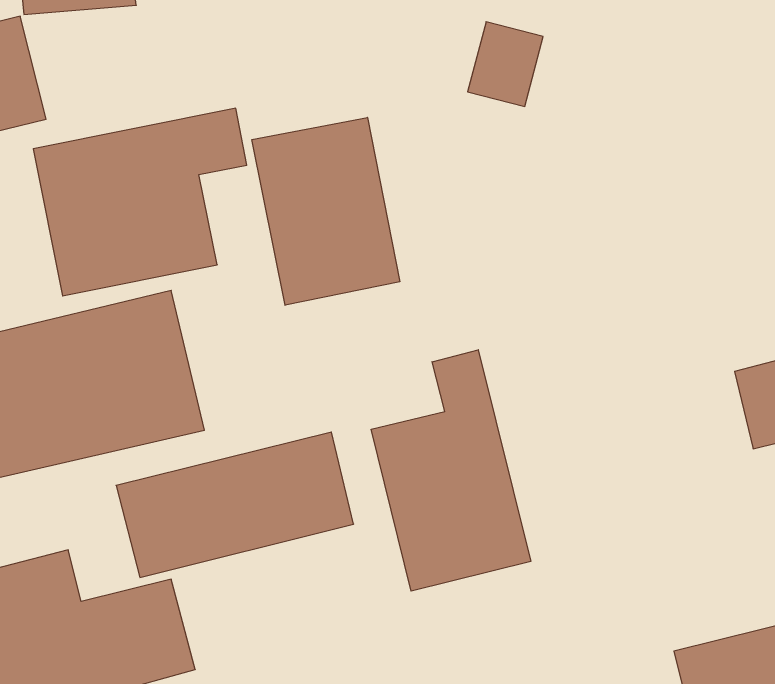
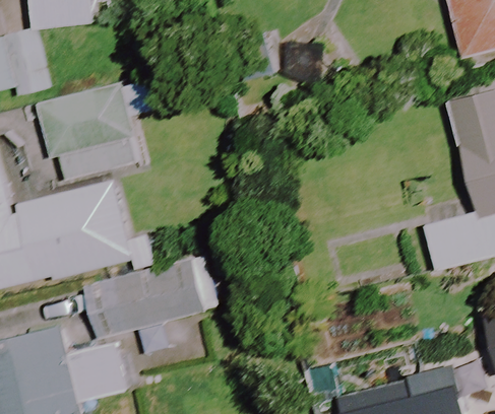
building: [252,117,400,305] -> none
building: [371,350,531,591] -> none

